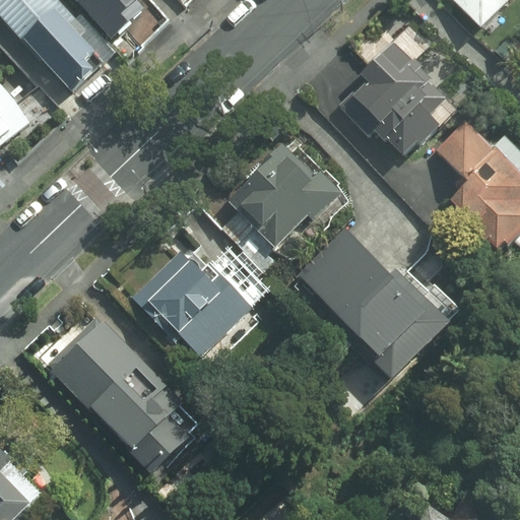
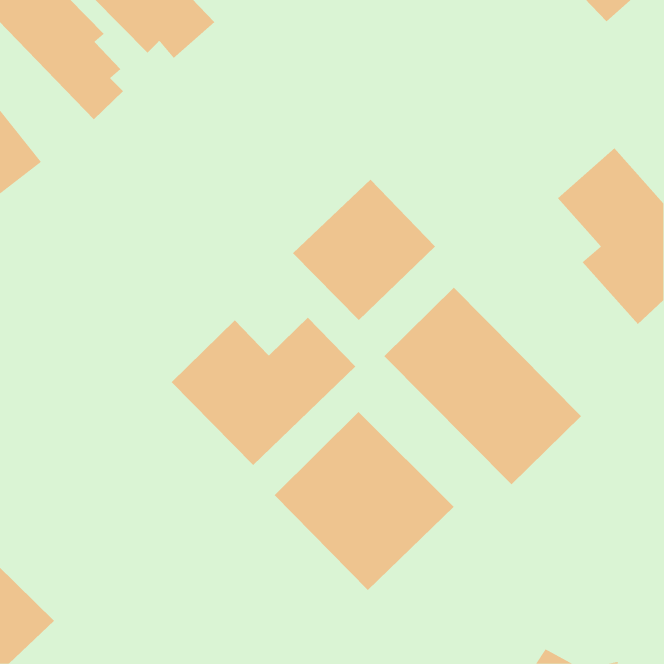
building: [341,47,451,149] -> none
building: [29,305,192,463] -> none
building: none -> [274,411,454,591]

